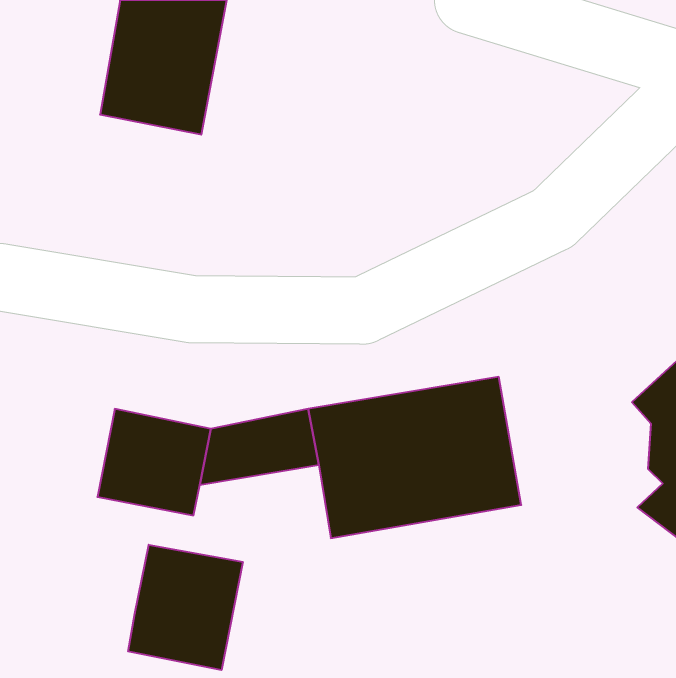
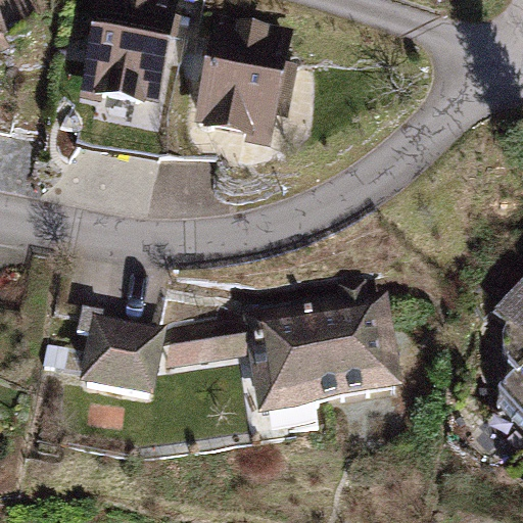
building: none -> [190,17,296,139]
building: [128,545,243,670] -> none

